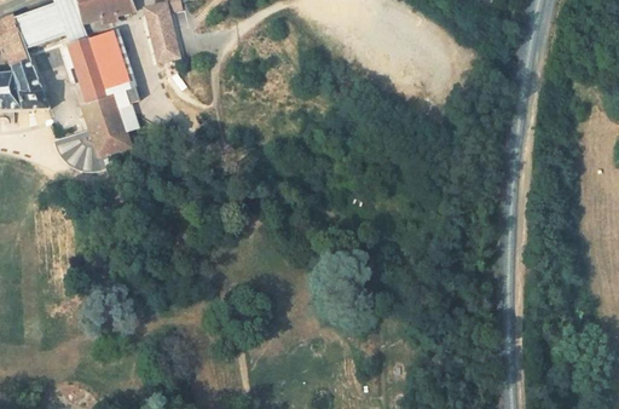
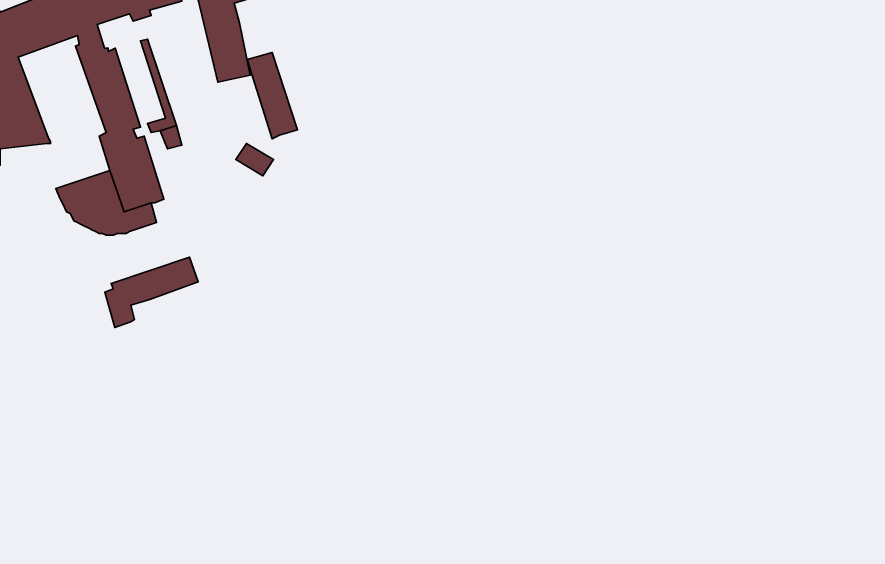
building: [89,38,123,96] -> [247,52,297,139]
building: none -> [105,257,198,327]

